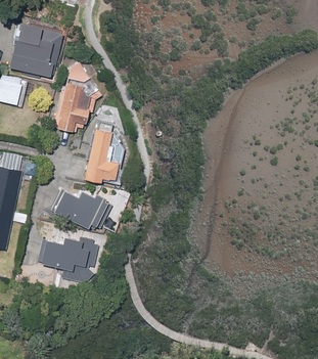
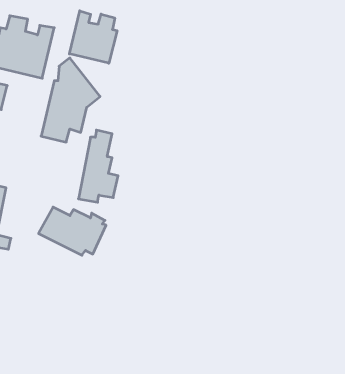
building: none -> [69,11,117,63]
building: [41,235,99,281] -> none

